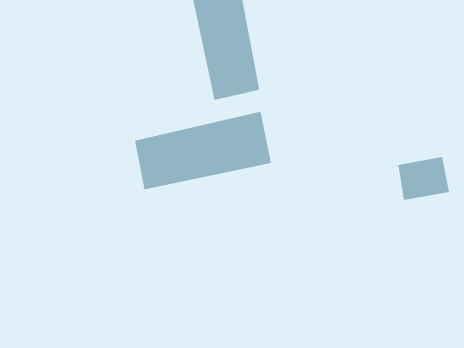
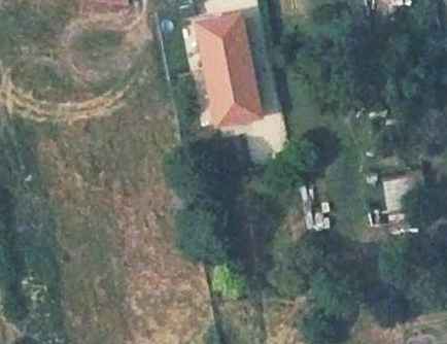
building: [135,111,271,190] -> none

